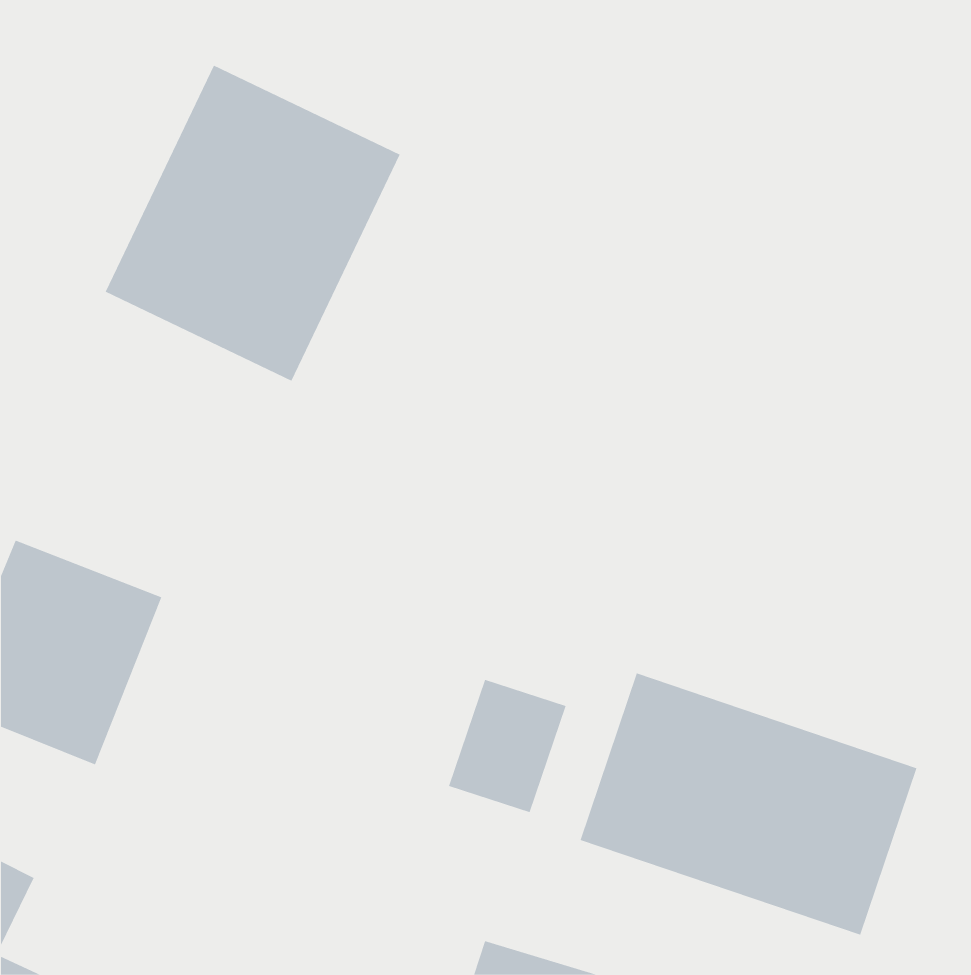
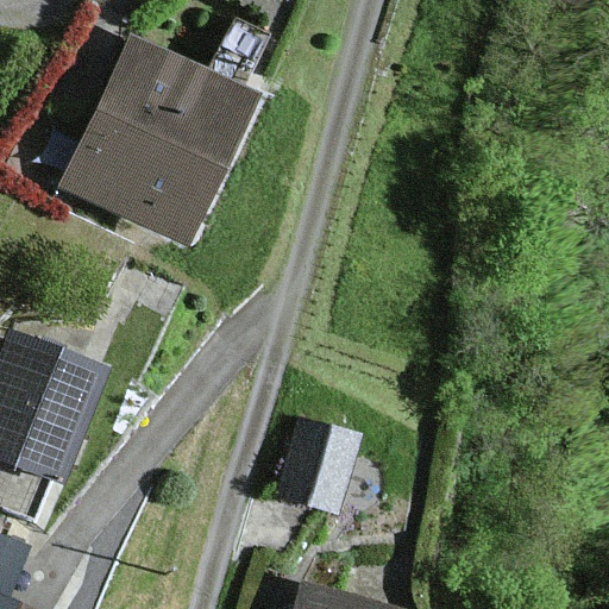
building: [580,673,917,936] -> none

